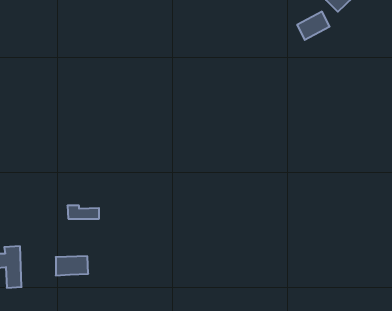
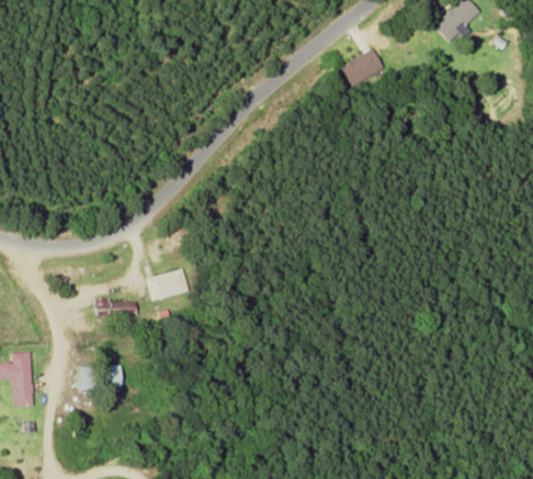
building: [297,12,330,40] -> [340,48,383,86]
building: none -> [146,268,189,301]

